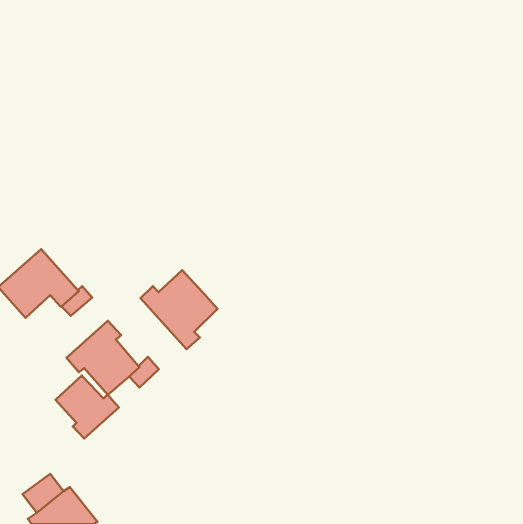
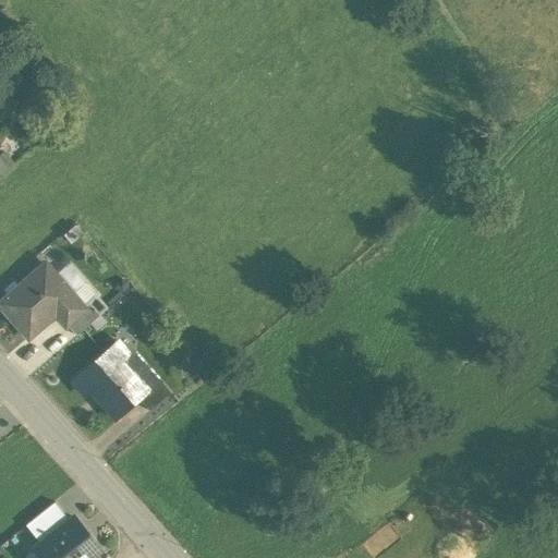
building: [140,270,218,349] -> none
building: [56,376,119,439] -> none

